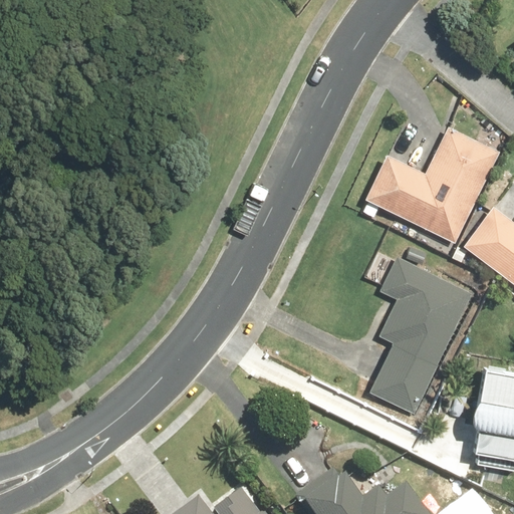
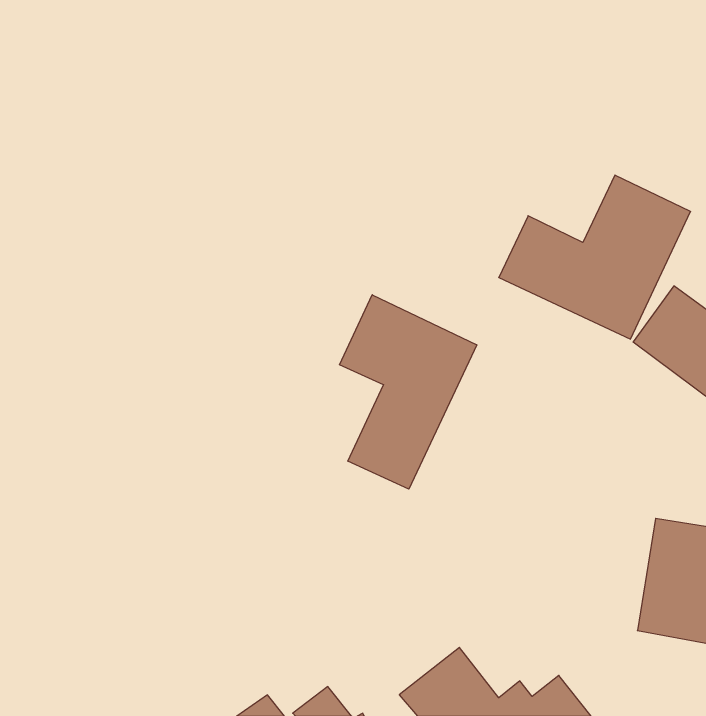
building: none -> [339,295,477,489]
building: [368,258,473,415] -> none

